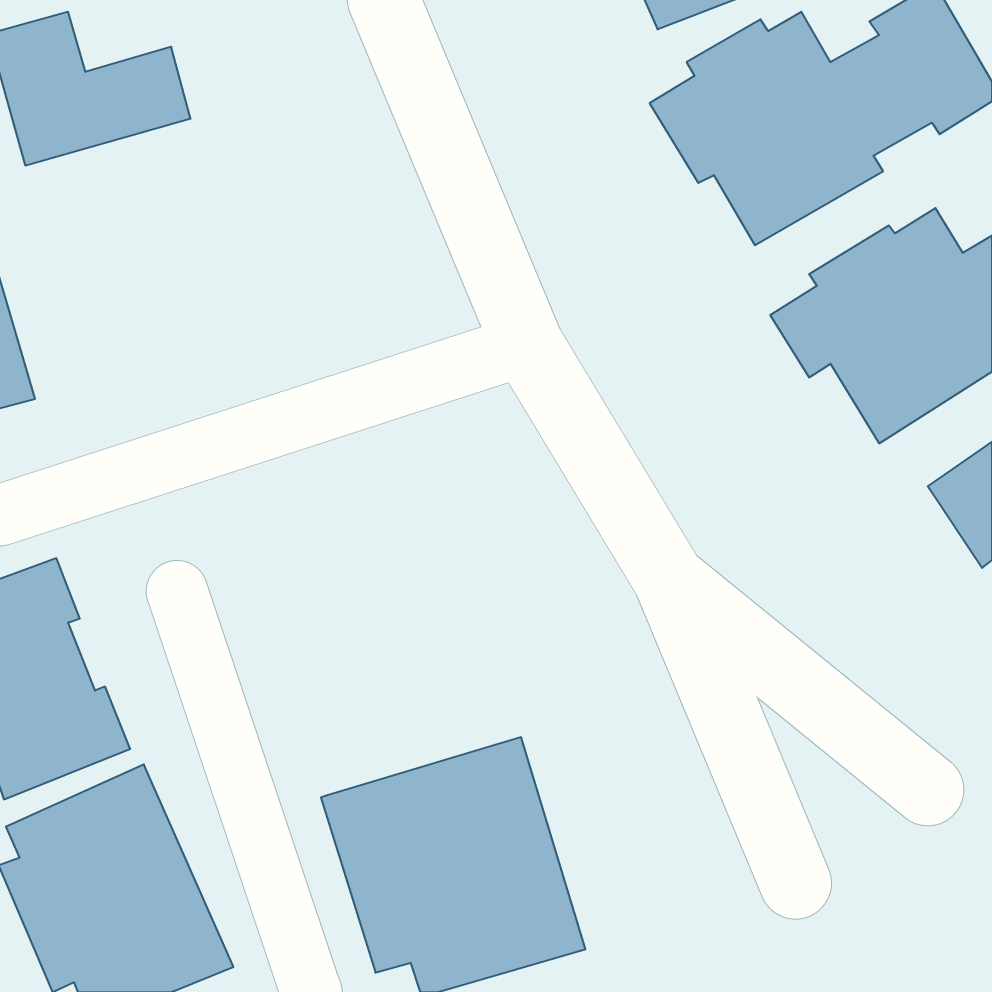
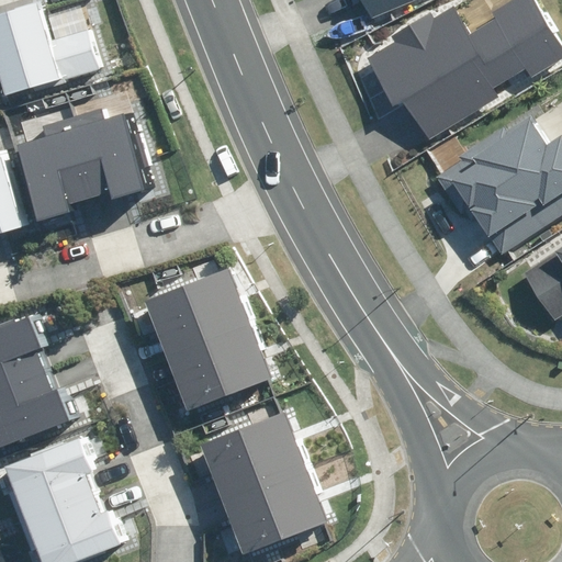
building: none -> [11,108,143,220]
building: none -> [146,267,276,412]

